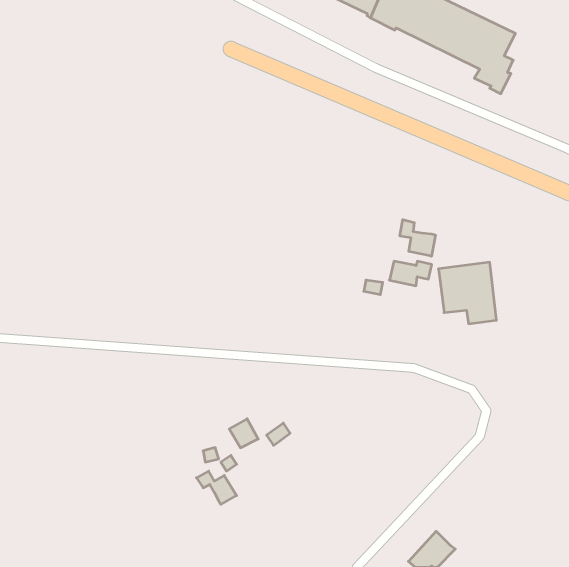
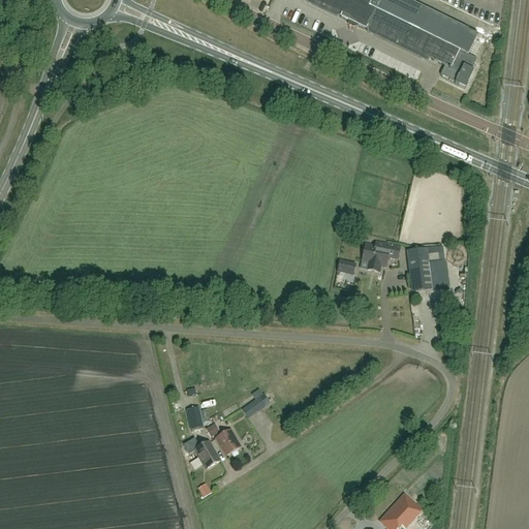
building: [400,220,435,256] -> none
building: [229,419,258,448] -> [214,427,241,454]

